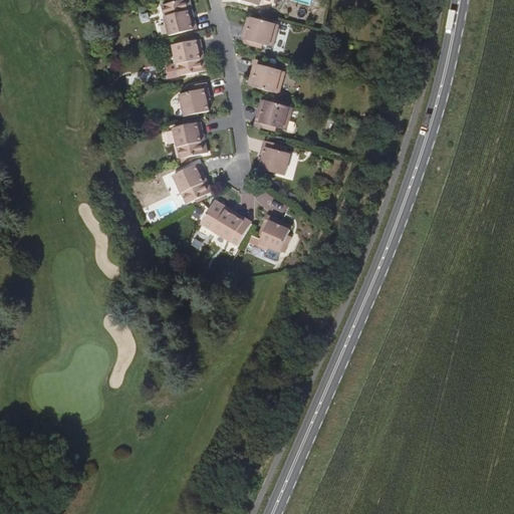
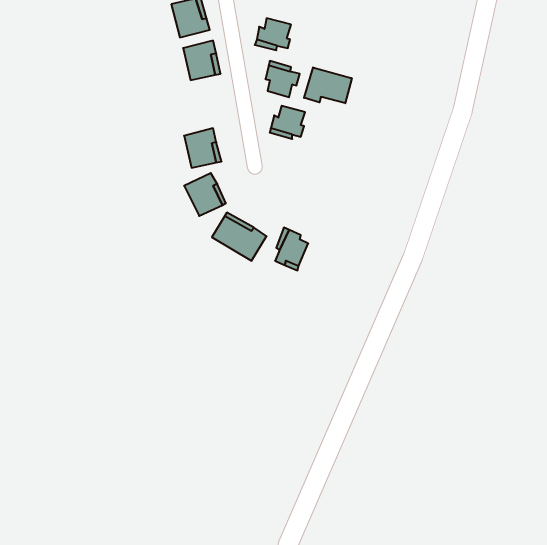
building: none -> [304,67,352,103]
building: [179,81,209,115] -> none
building: [259,140,289,175] -> none

